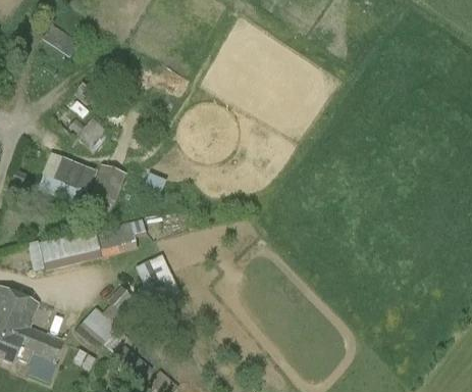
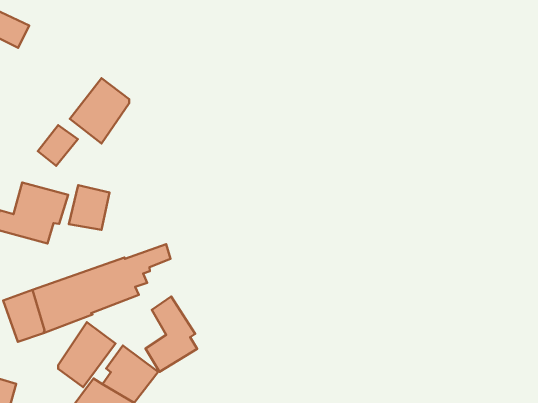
building: none -> [70,78,129,144]
building: none -> [58,322,115,387]

